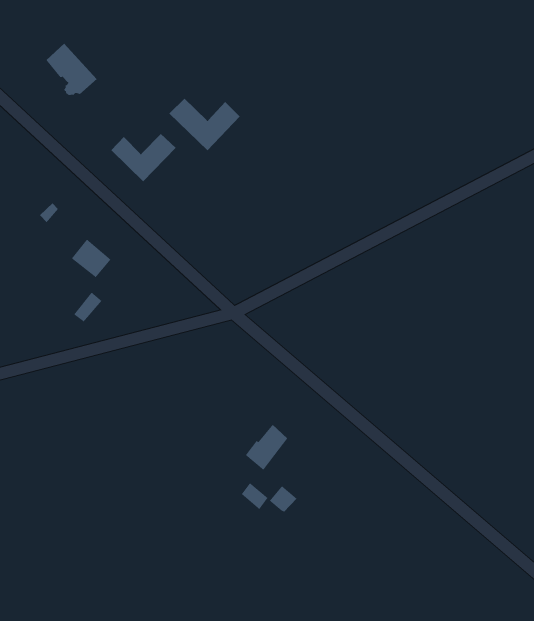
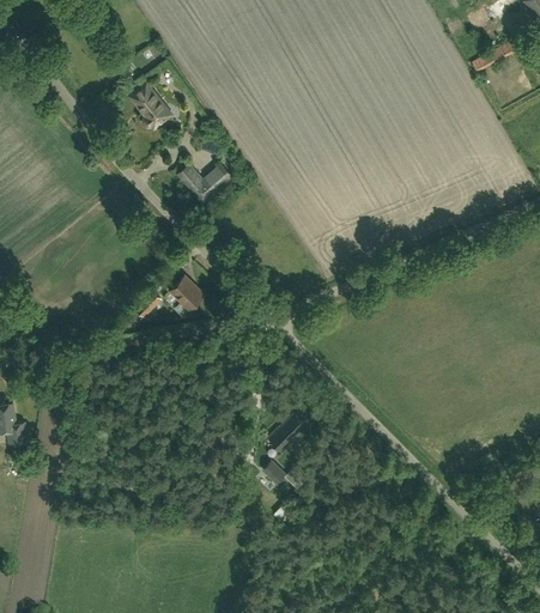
building: [169,98,241,151] -> none
building: [71,239,111,278] -> [170,275,204,309]

